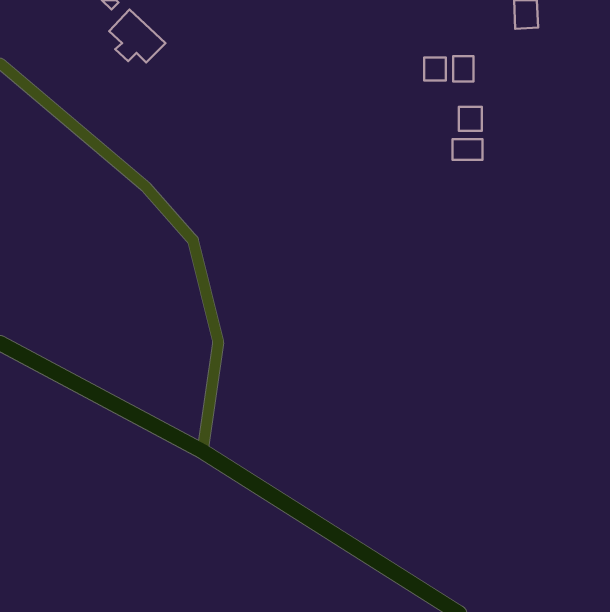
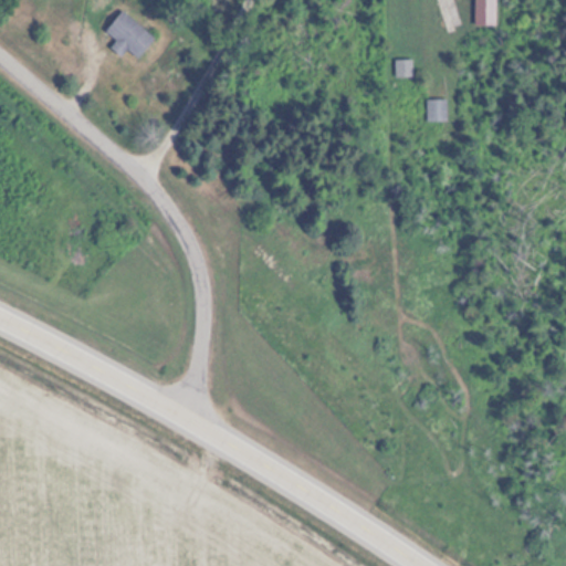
building: [453,56,473,81] -> none
building: [452,139,483,160] -> none

